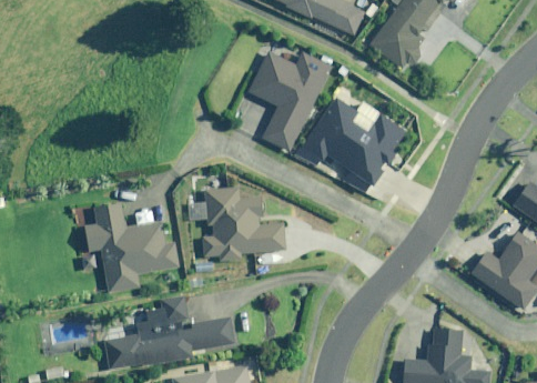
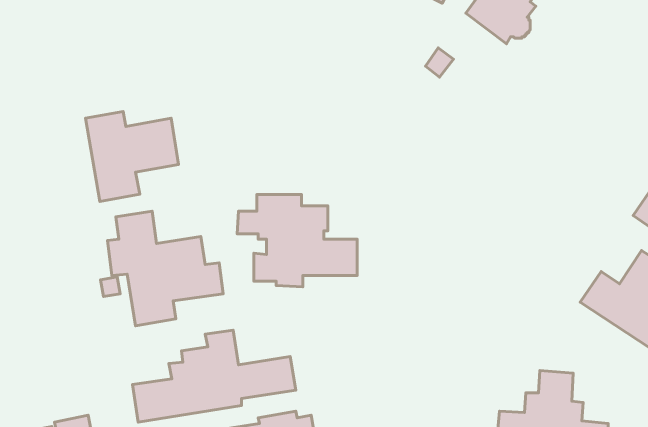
building: [249,50,334,152] -> none
building: [302,92,408,183] -> none
building: none -> [85,111,179,202]

